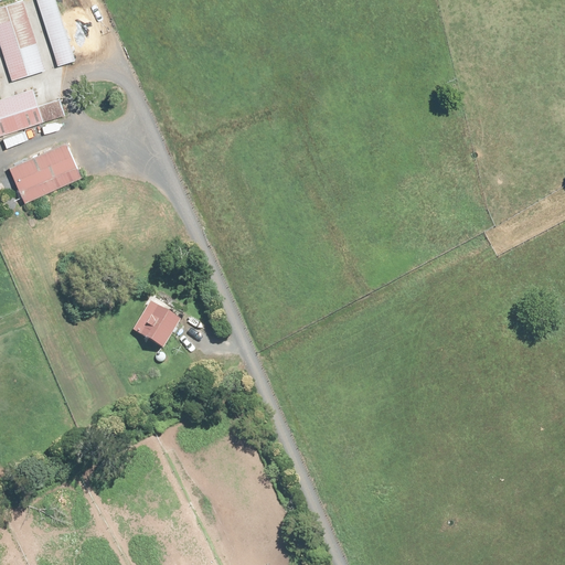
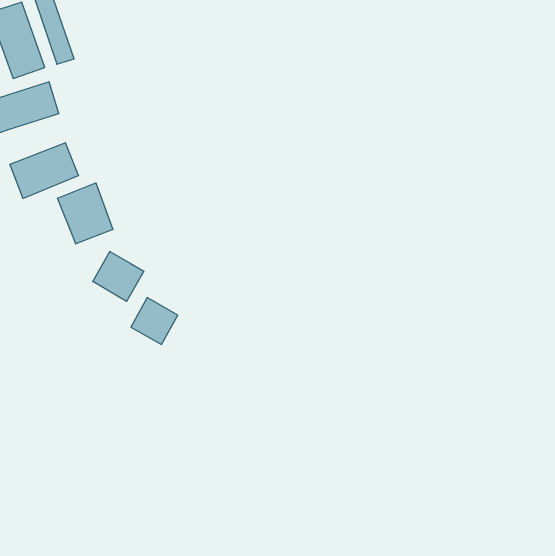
building: none -> [58,183,113,244]
building: none -> [93,251,144,301]

